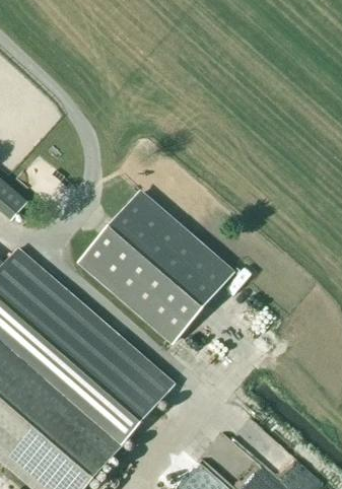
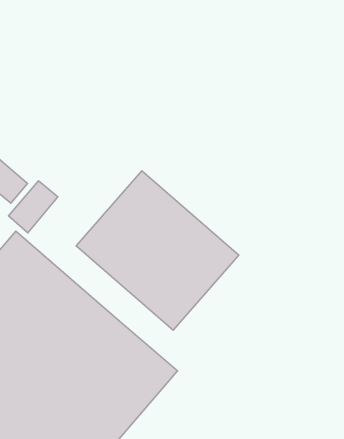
building: none -> [9,181,58,233]

